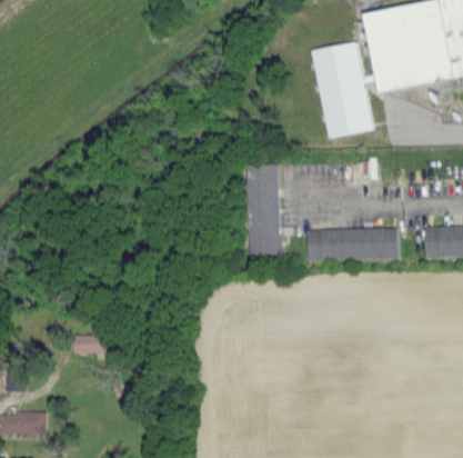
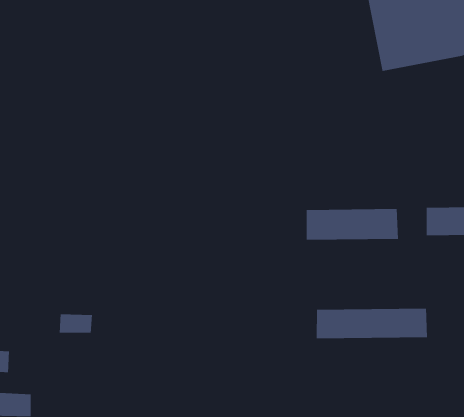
building: [311,43,372,139] -> none
building: [249,165,281,256] -> none
building: none -> [316,308,427,339]

